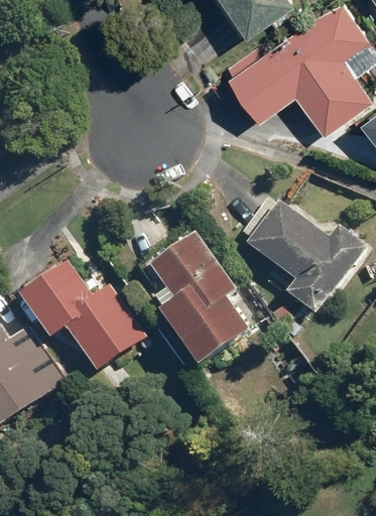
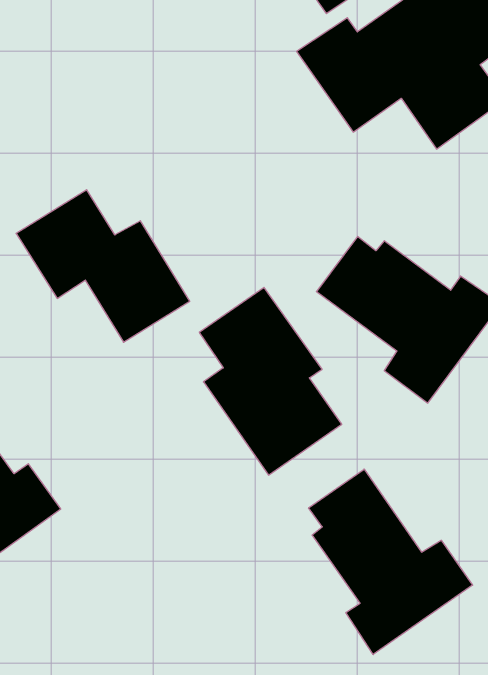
building: [22,262,146,371] -> [16,190,190,342]
building: none -> [309,469,473,655]

